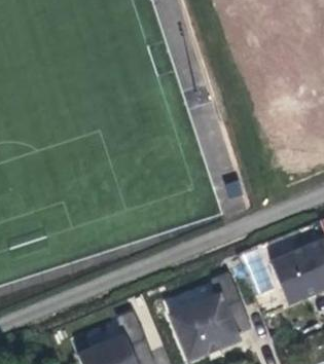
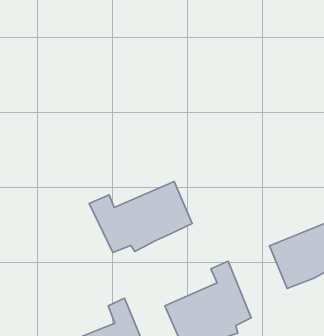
building: none -> [89,181,192,253]

